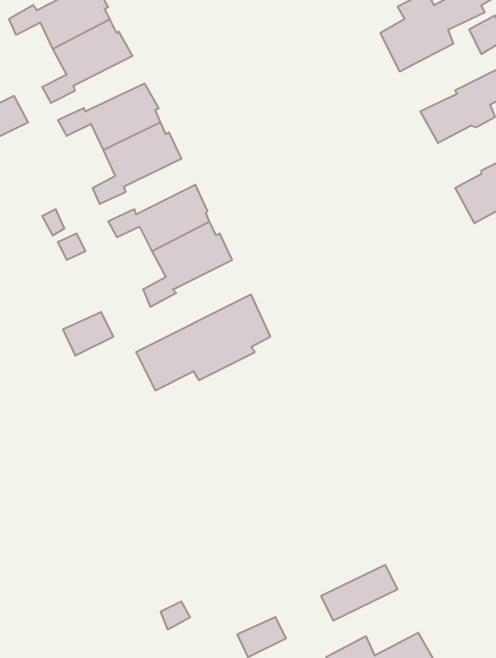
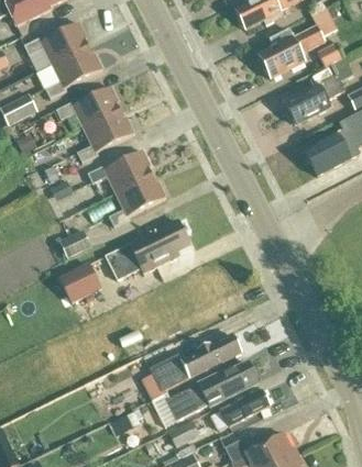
building: none -> [58,265,98,302]
building: none -> [151,333,241,390]
building: none -> [166,362,256,419]

